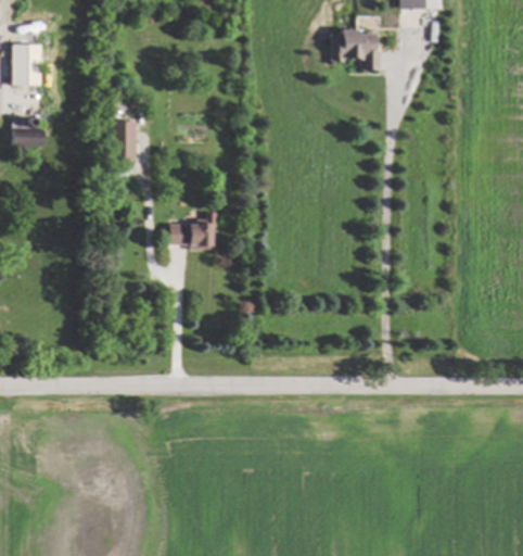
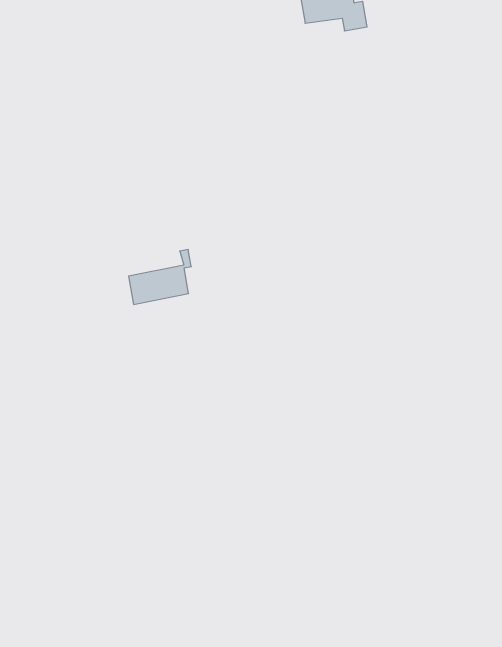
building: [122,119,138,160] -> none

